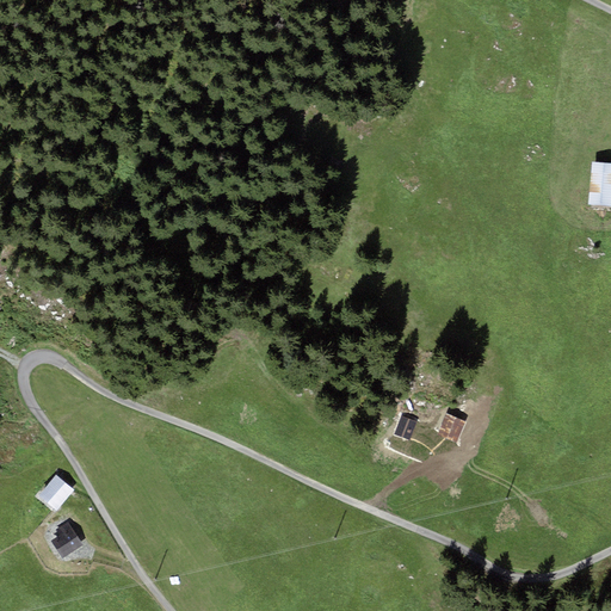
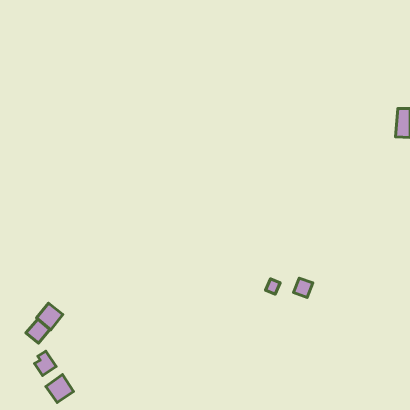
building: none -> [36,303,63,330]
building: none -> [46,375,74,402]

